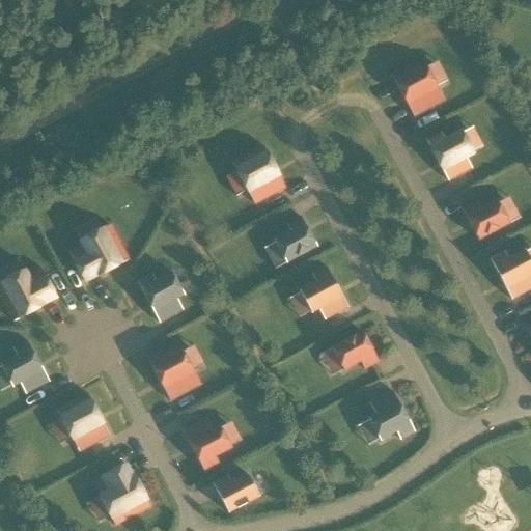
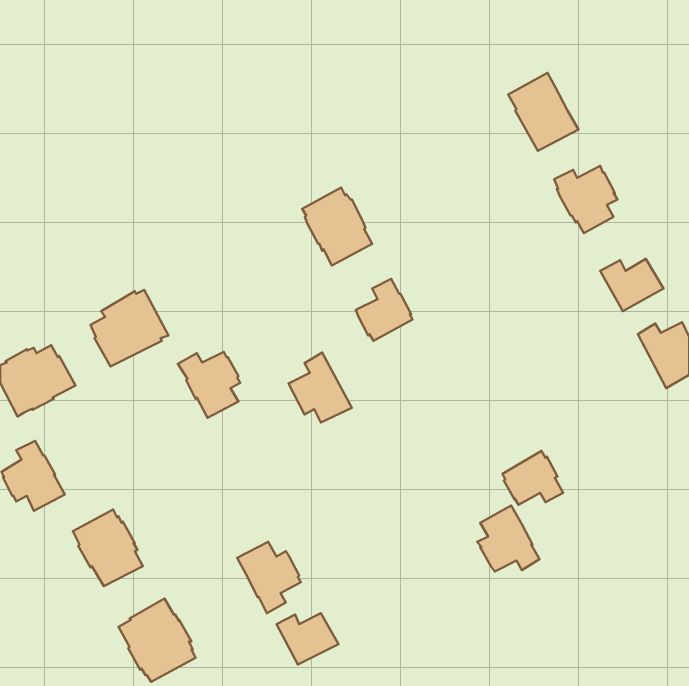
building: [300,264,348,318] -> [288,353,352,423]
building: [332,329,379,370] -> [502,451,563,505]
building: [147,340,201,400] -> none

